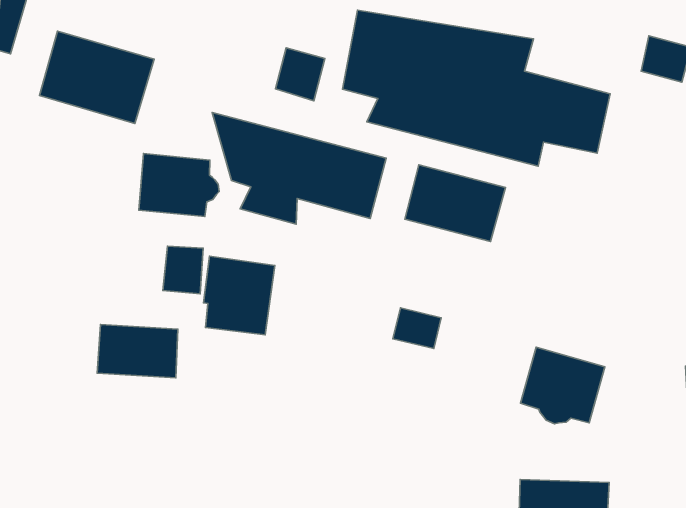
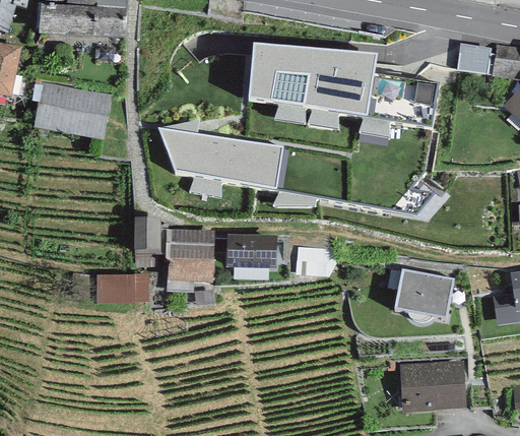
building: [275,48,325,101] -> none
building: [139,154,219,217] -> none
building: [405,165,505,241] -> none
building: none -> [225,232,277,268]

